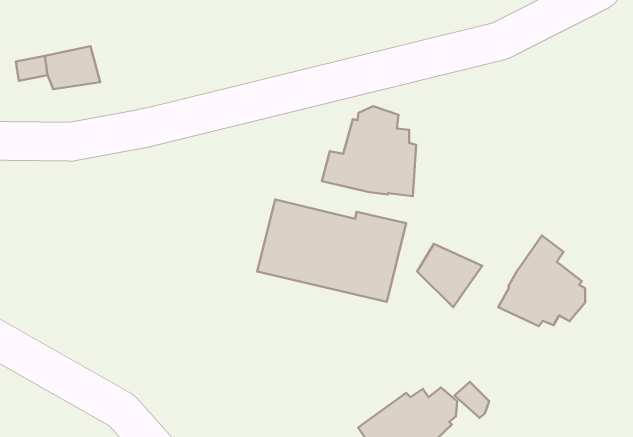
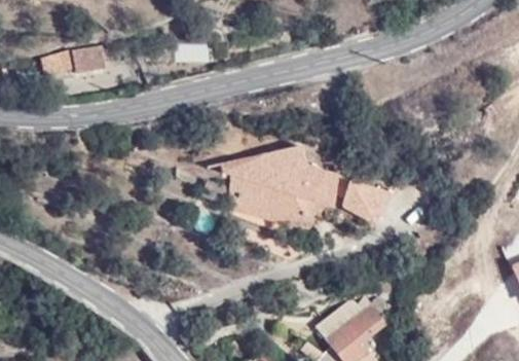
building: [322,106,416,196] -> none
building: [498,235,585,326] -> none

